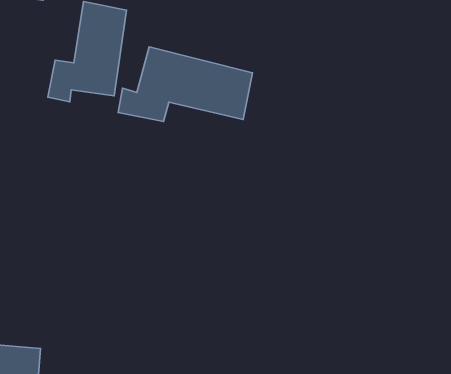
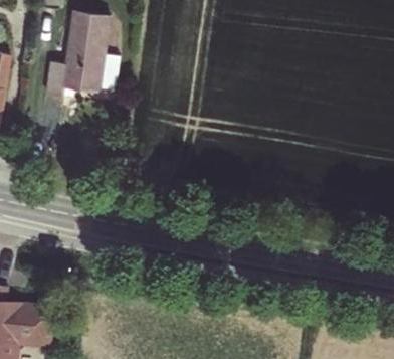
building: [118,47,253,122] -> none

